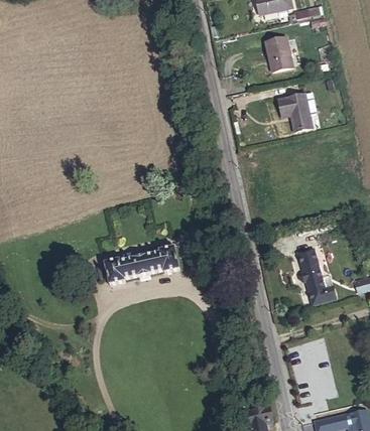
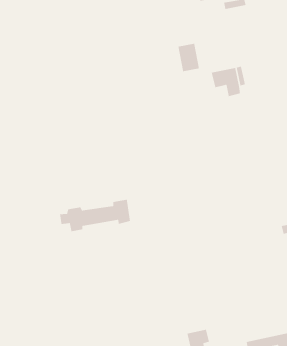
building: [267,34,294,69] -> [177,43,200,72]
building: [301,255,339,307] -> none

